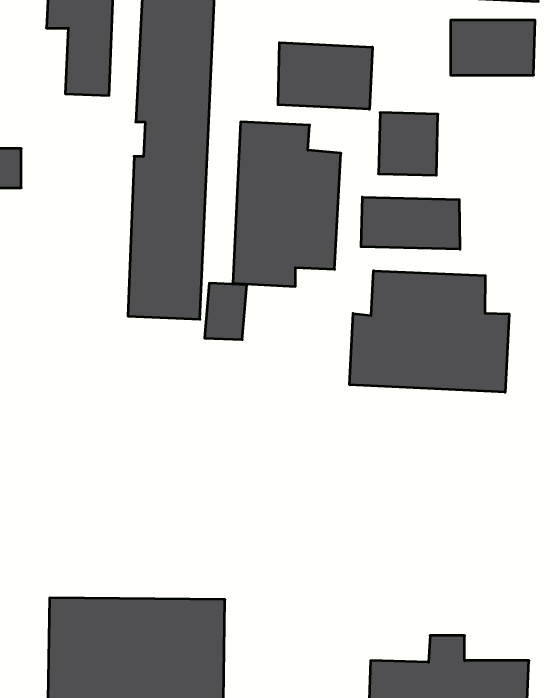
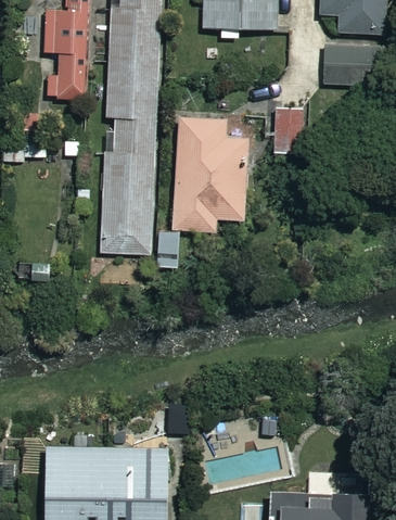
building: [278,43,372,109] -> none
building: [361,197,460,249] -> none
building: [350,271,509,392] -> none

